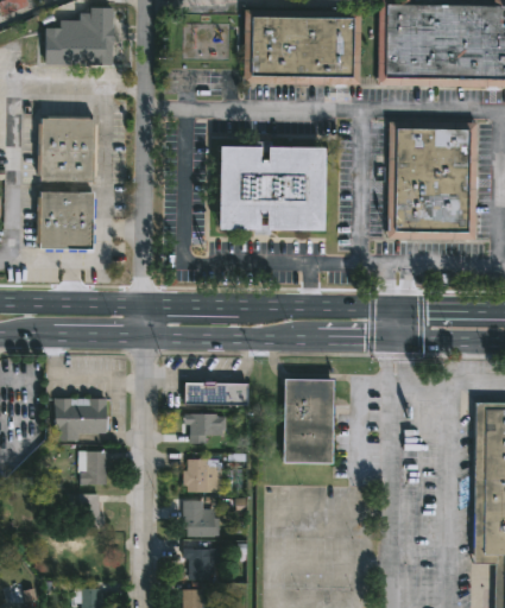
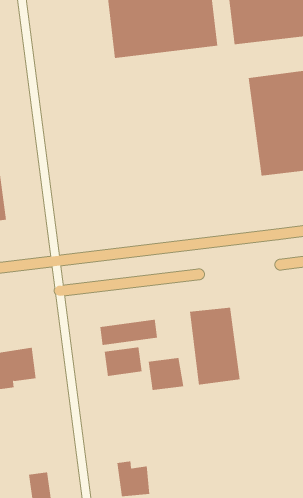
building: [223,148,321,230] -> none
building: [78,449,107,482] -> none
building: [184,457,221,490] -> [148,357,184,391]
building: [76,492,101,526] -> none
building: [183,499,219,534] -> none

